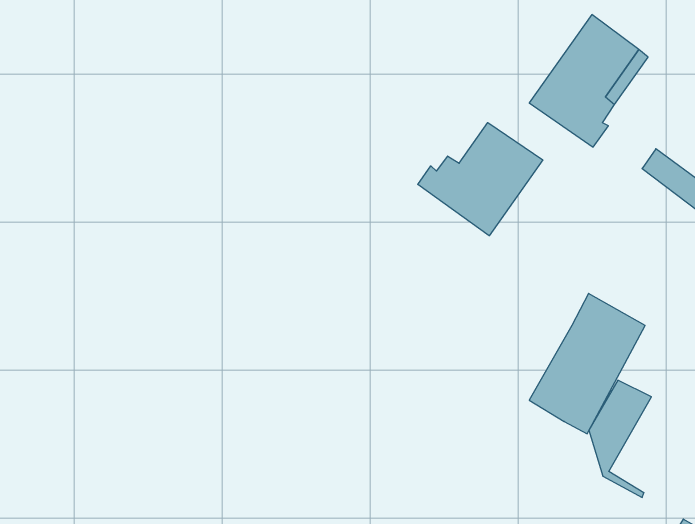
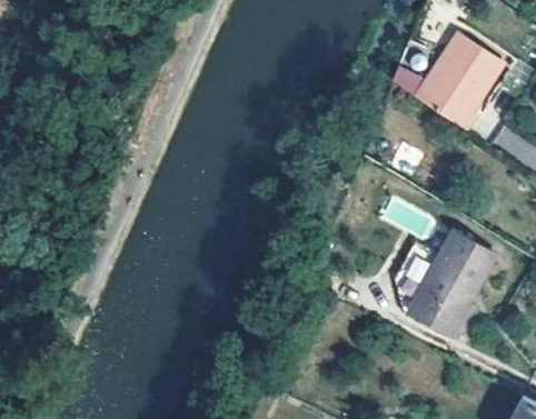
building: [418,123,543,236] -> none
building: [589,380,651,497] -> [398,243,444,329]

